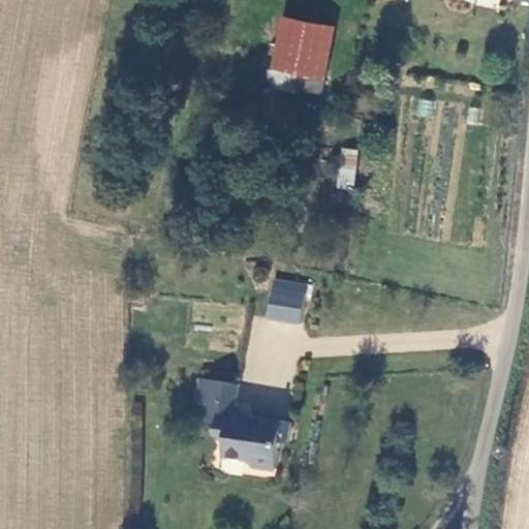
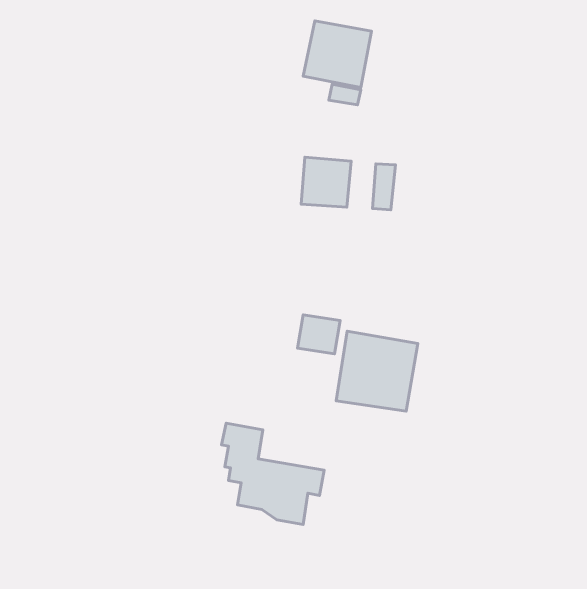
building: none -> [301,157,351,207]
building: none -> [336,331,418,411]

